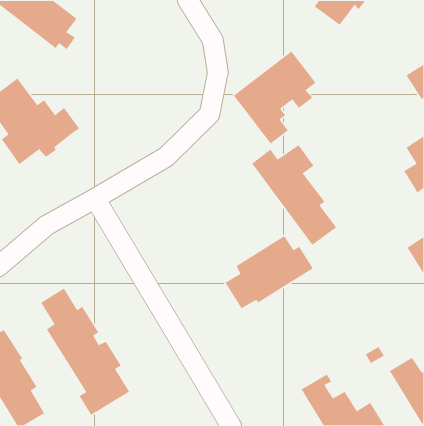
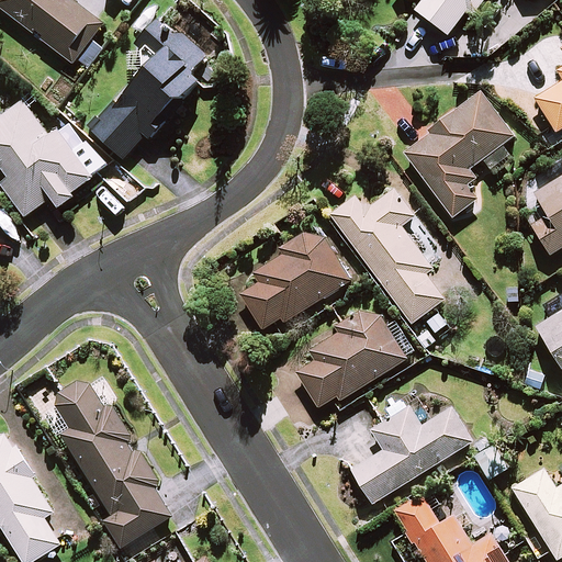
building: none -> [93,22,213,158]
building: [233,50,316,145] -> [403,93,513,217]
building: none -> [239,234,350,330]
building: none -> [351,397,471,503]

